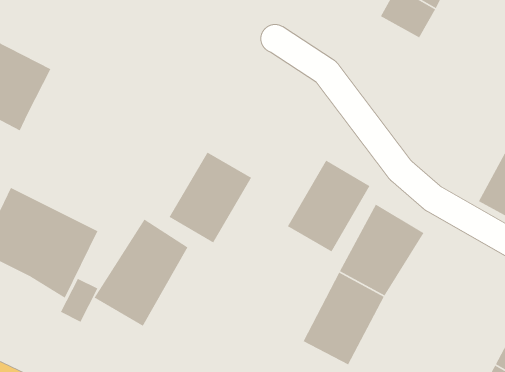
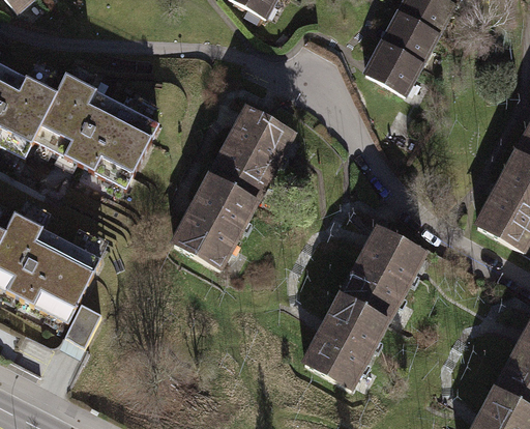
building: none -> [363,42,419,93]
building: none -> [32,74,160,187]
building: [287,160,371,253] -> [209,110,292,202]
building: [94,218,188,327] -> none

